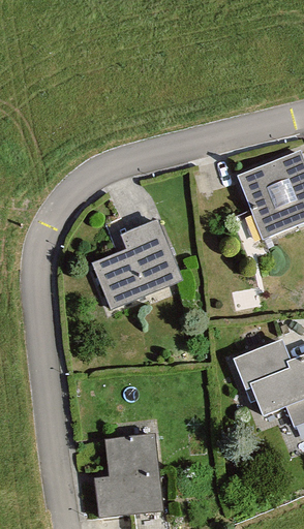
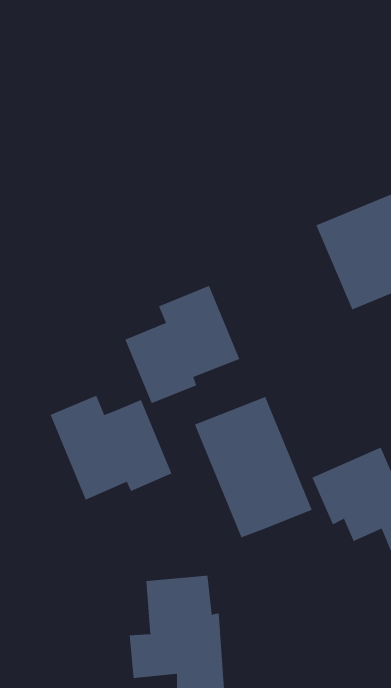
building: none -> [50,395,172,501]
building: none -> [194,396,312,538]

